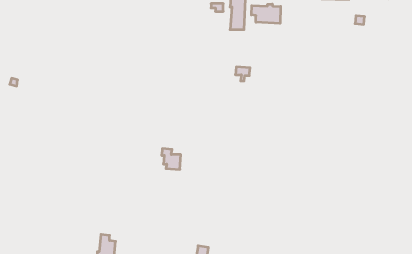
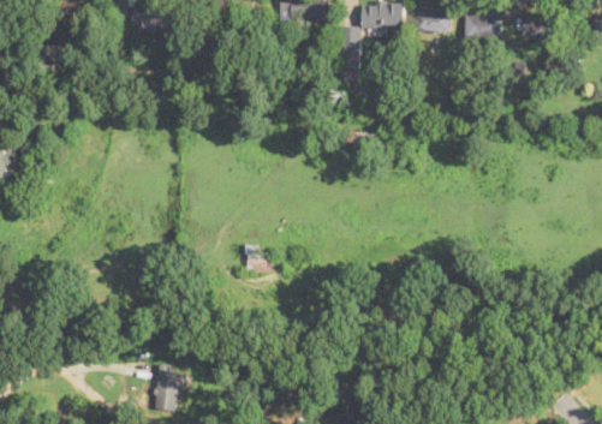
building: [251,4,281,23] -> none

